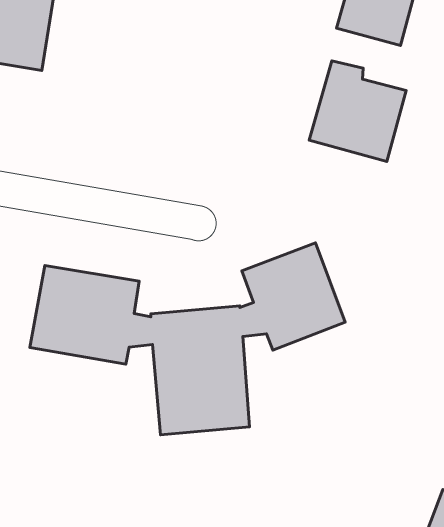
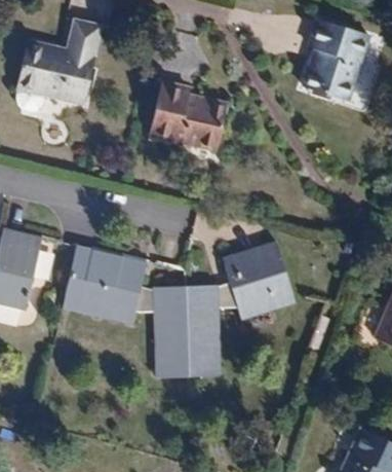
building: none -> [151,80,226,150]
building: [309,61,406,161] -> none

